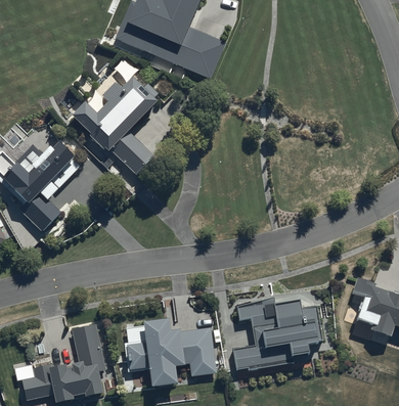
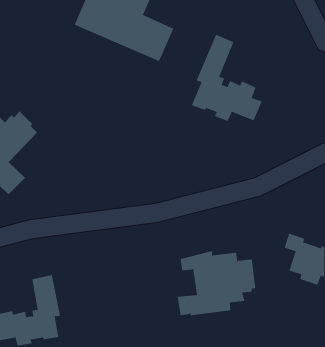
building: none -> [191,34,262,122]
building: [72,76,158,173] -> none
building: [124,318,215,387] -> none

